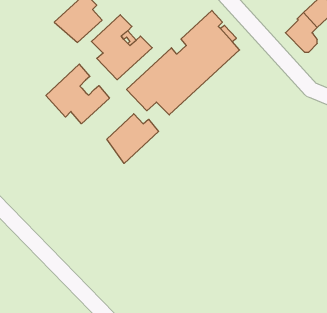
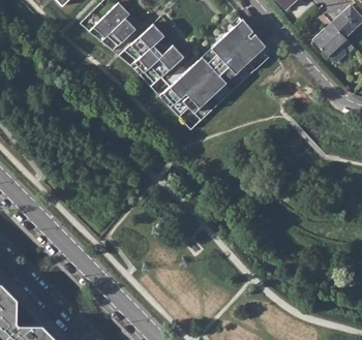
building: [46,64,109,124] -> none
building: [107,114,159,163] -> none

